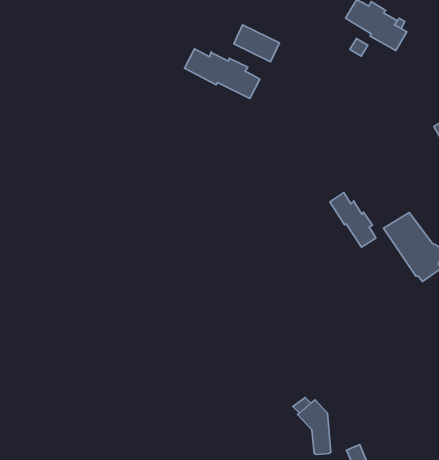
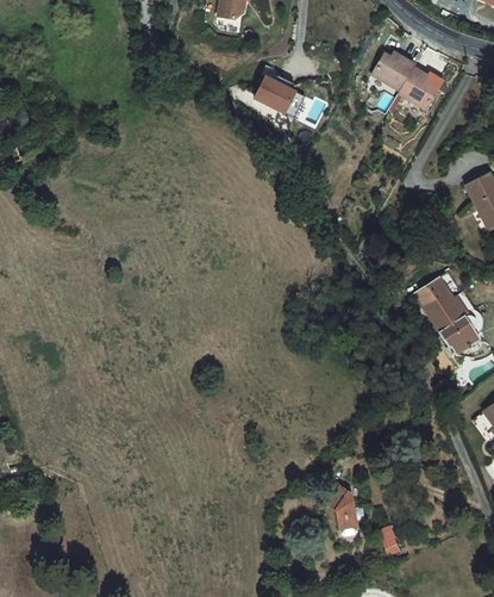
building: [185,49,260,99] -> none
building: [330,193,376,247] -> none

